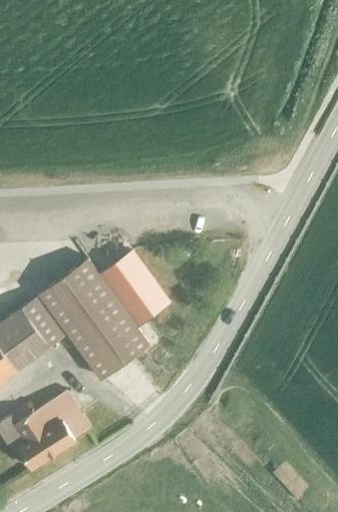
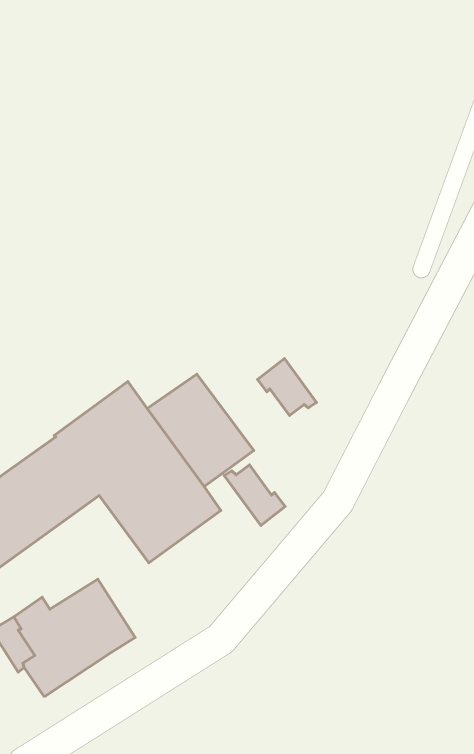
building: none -> [257,359,316,416]
building: none -> [224,465,285,526]

